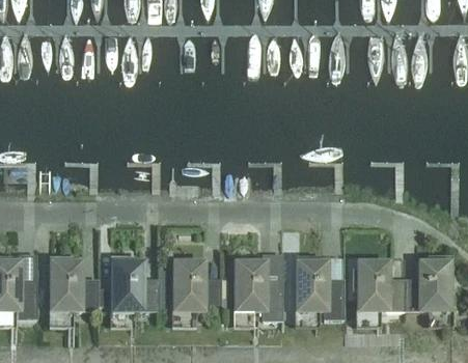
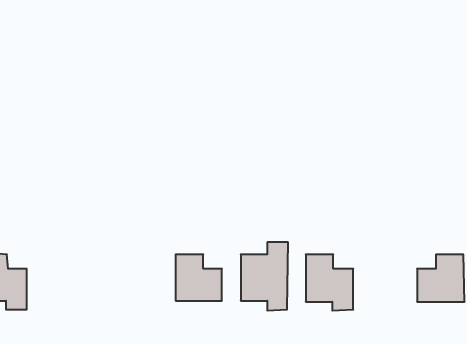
building: [52,264,97,308] -> none
building: [114,264,158,308] -> none
building: [359,264,403,317] -> none

